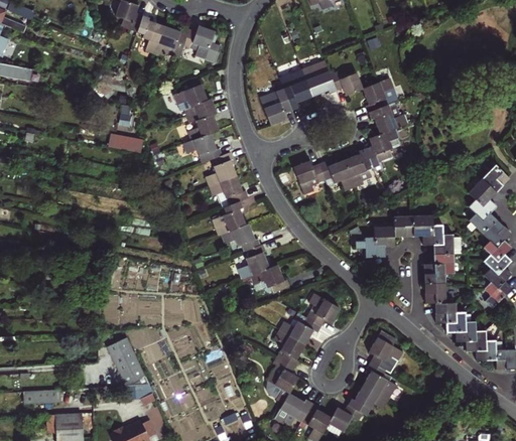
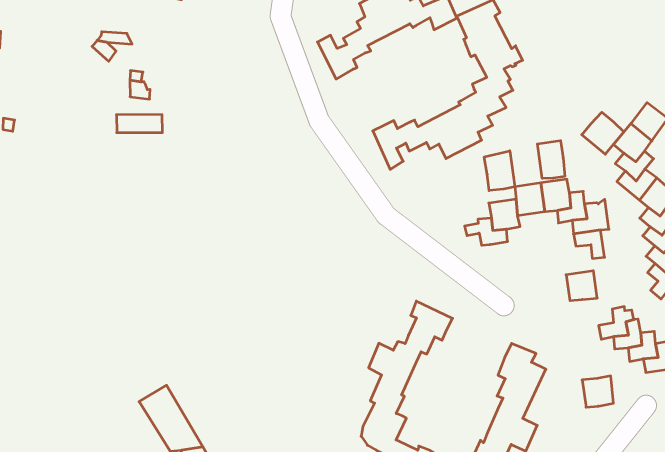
building: [171,83,289,292] -> none
building: none -> [582,112,624,154]
building: none -> [537,141,565,178]
building: none -> [484,151,515,191]
building: [423,263,444,283] -> none
building: [434,301,456,322] -> [582,376,613,407]

